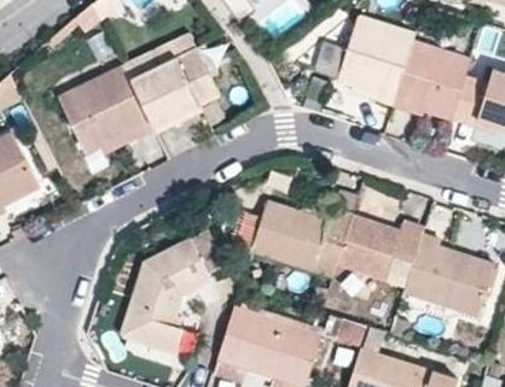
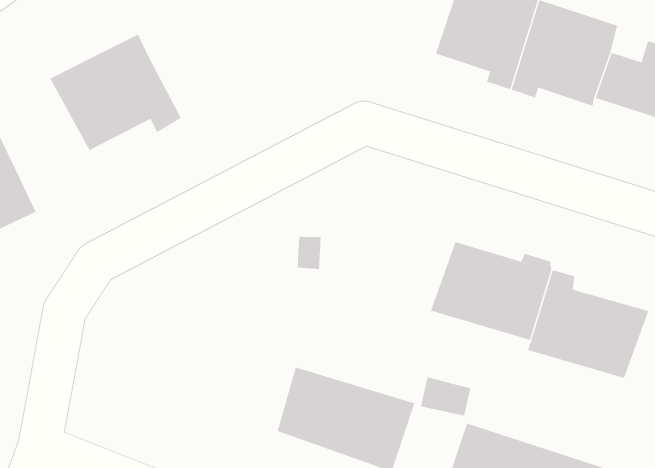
building: [127,47,217,130] -> none
building: [254,201,352,277] -> none
building: [122,236,209,351] -> none

